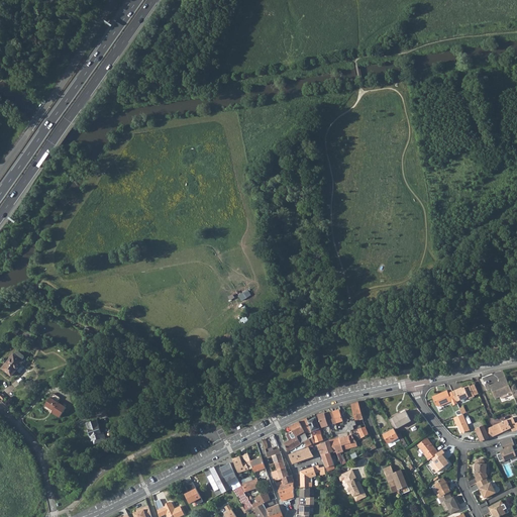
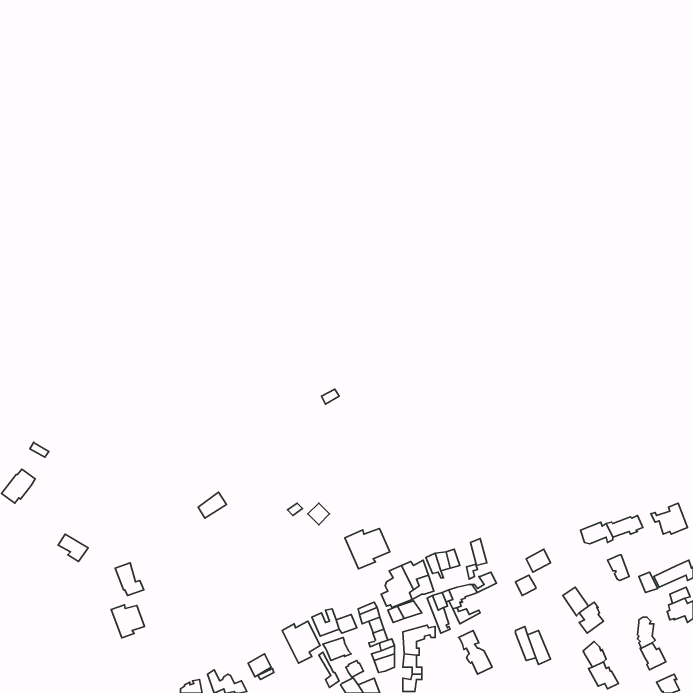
building: none -> [345,529,390,569]
building: none -> [111,605,145,638]

